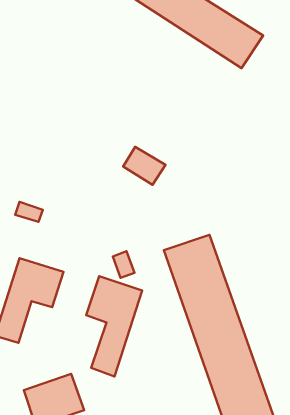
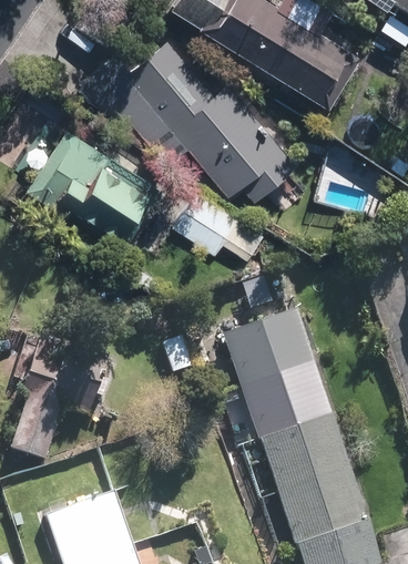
building: none -> [84,37,286,194]
building: none -> [32,139,149,242]
building: [86,276,142,376] -> none

